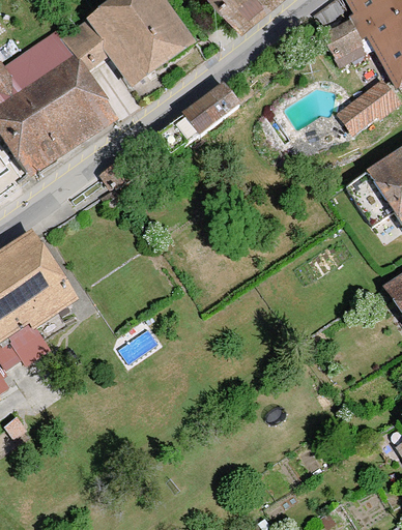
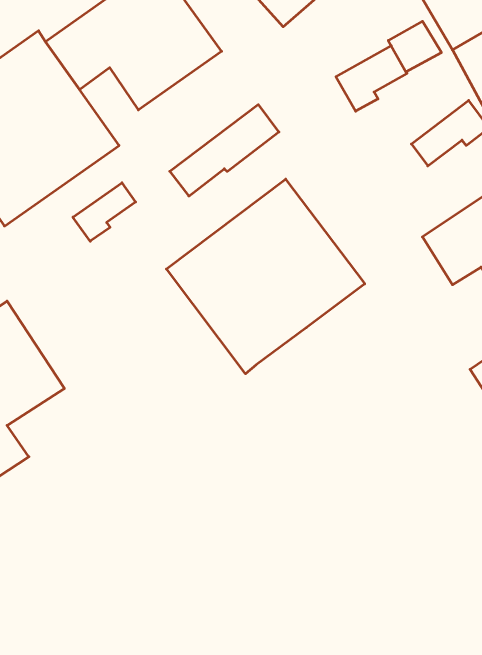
building: none -> [336,46,407,111]
building: none -> [166,179,365,374]
building: none -> [73,183,136,241]

